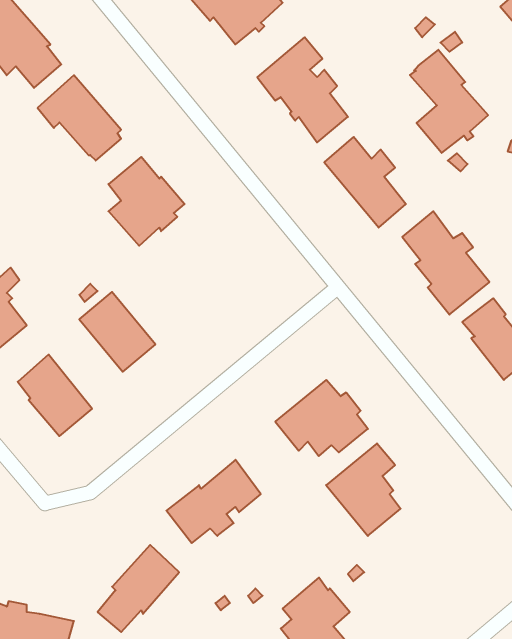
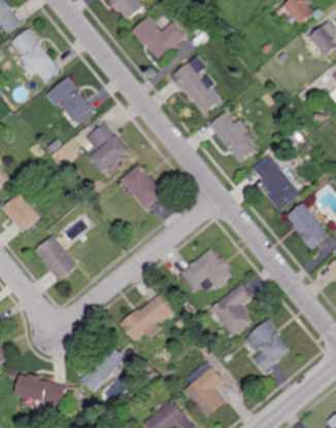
building: [410,50,488,153] -> none
building: [79,292,155,372] -> [121,164,164,209]
building: none -> [244,320,291,371]

